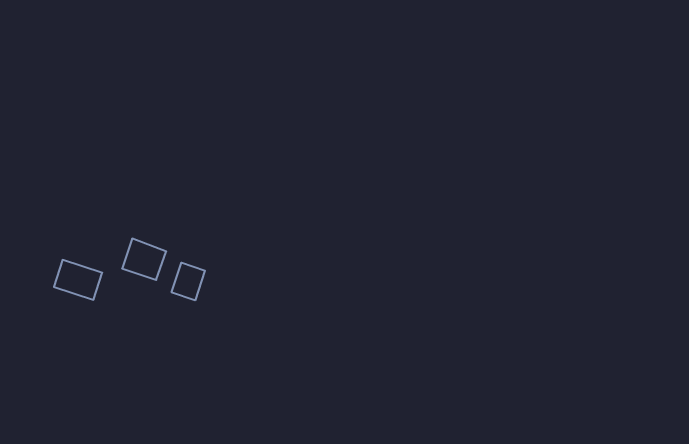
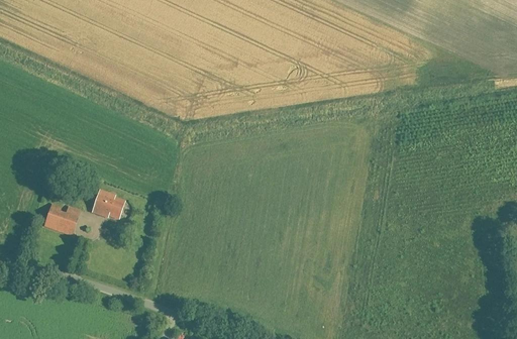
building: [172,263,205,300] -> none

